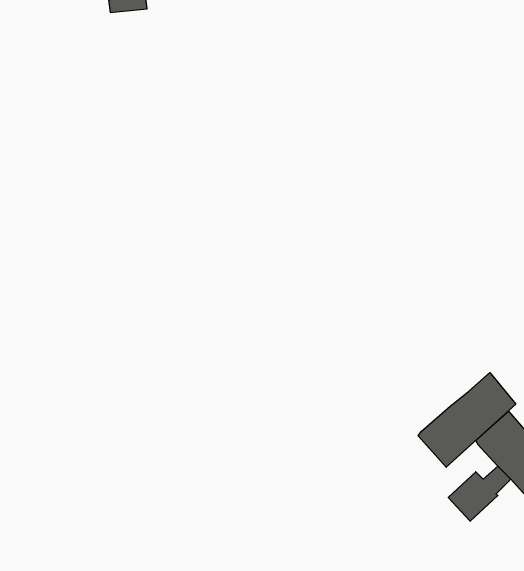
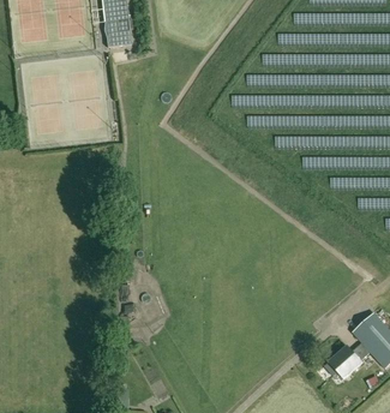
building: [418,373,516,467] -> none

